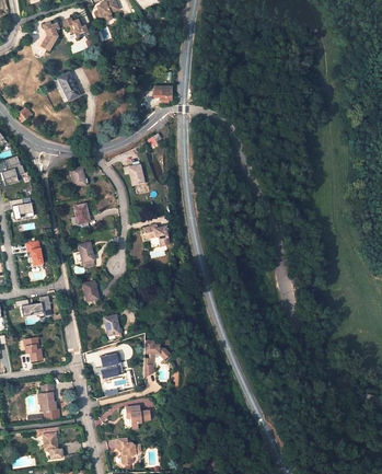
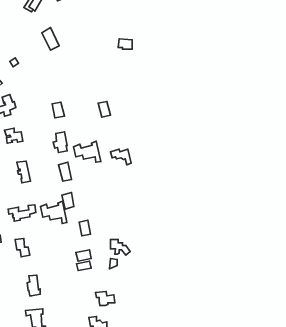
building: none -> [74,141,101,162]
building: none -> [40,201,67,223]

